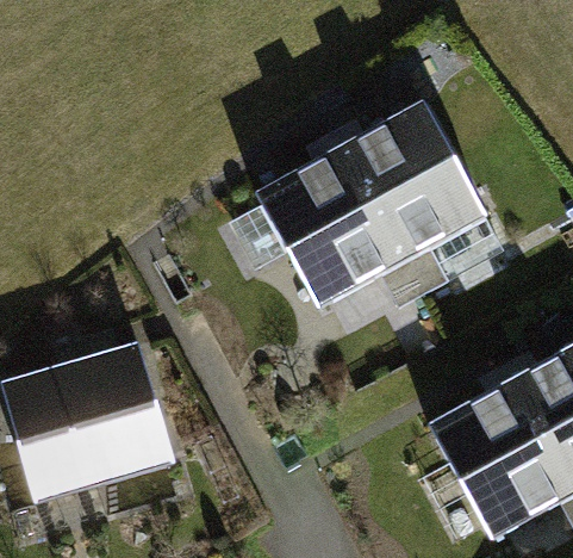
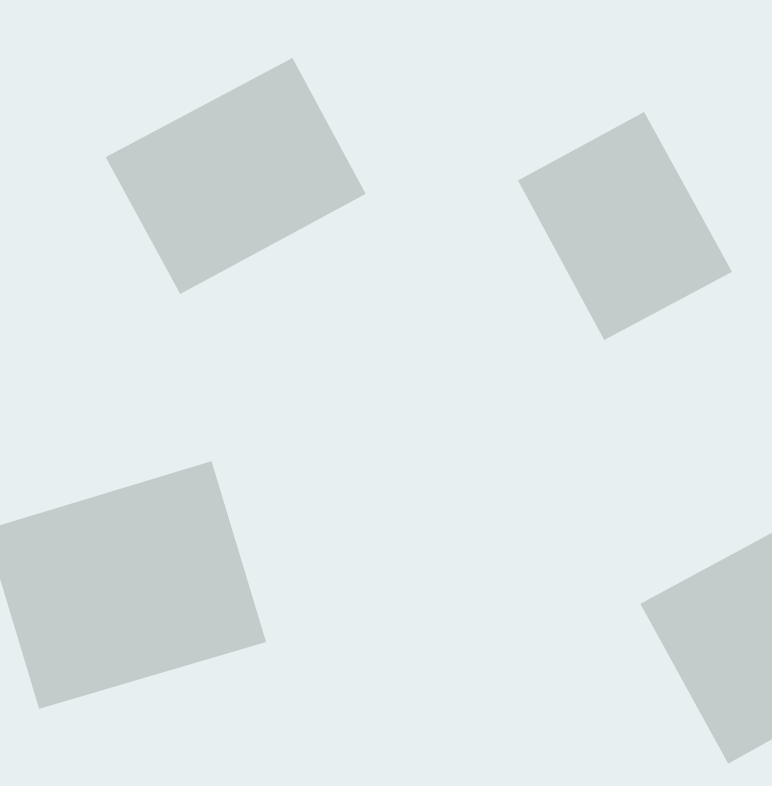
building: none -> [104,57,367,295]
building: [250,148,410,311] -> none

